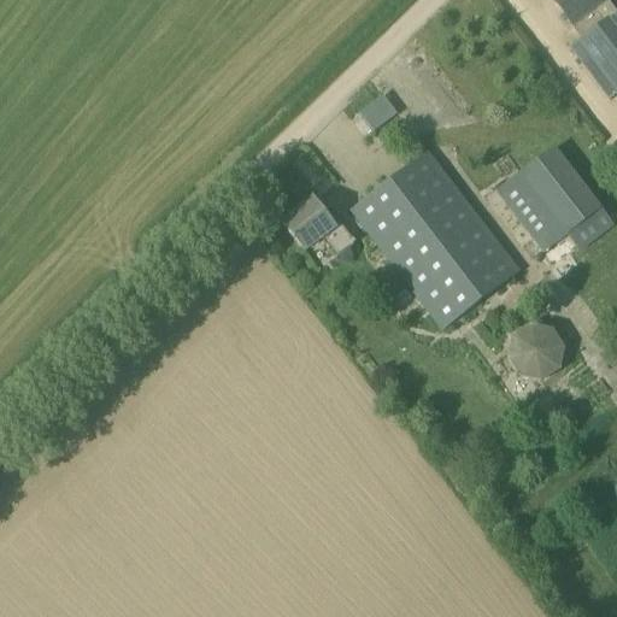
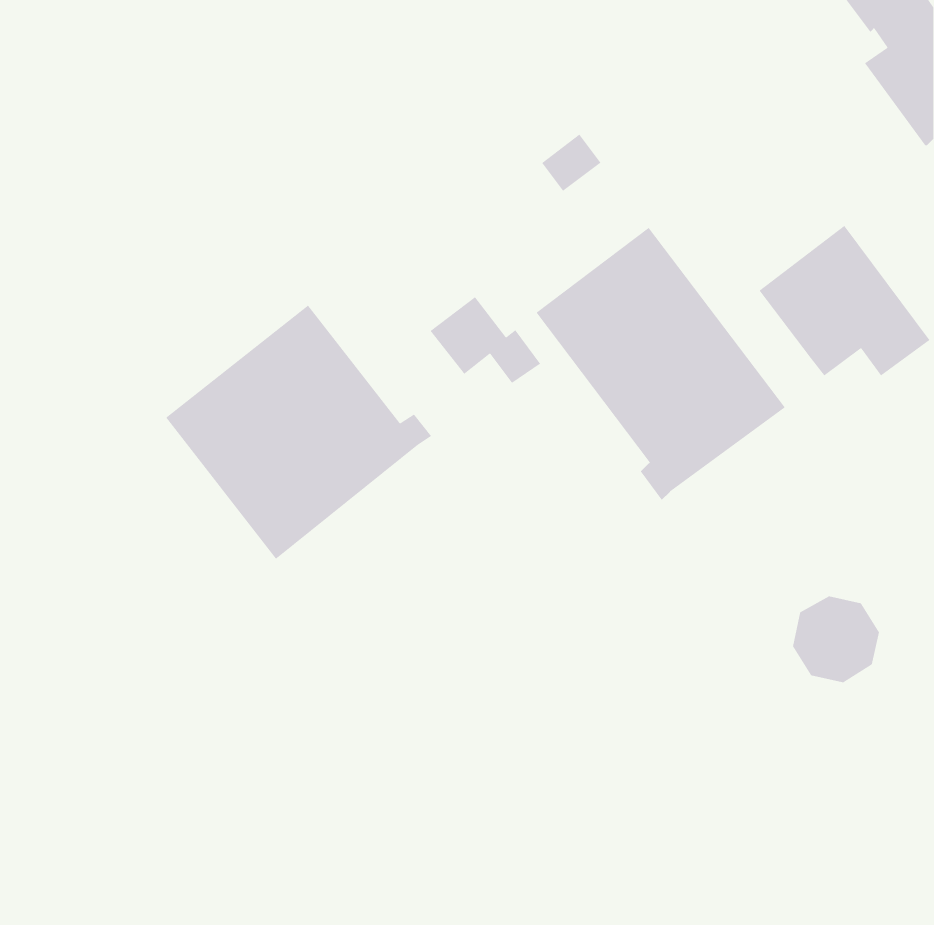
building: none -> [165,305,432,560]
building: [507,321,565,378] -> [792,595,880,683]

